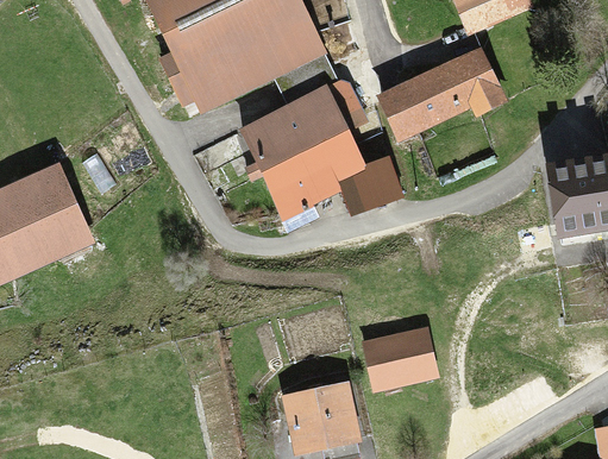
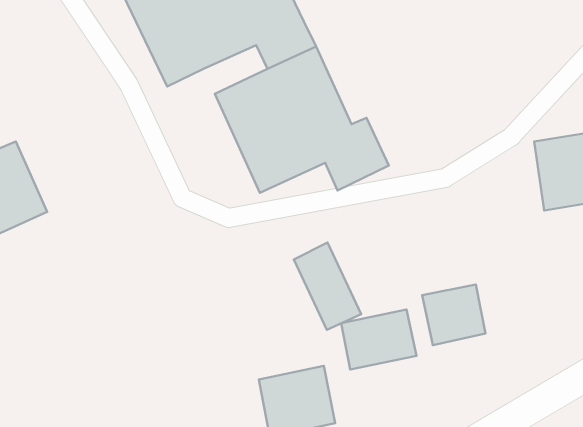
building: [377,50,502,143] -> none
building: none -> [294,243,361,330]
building: none -> [422,284,486,345]

